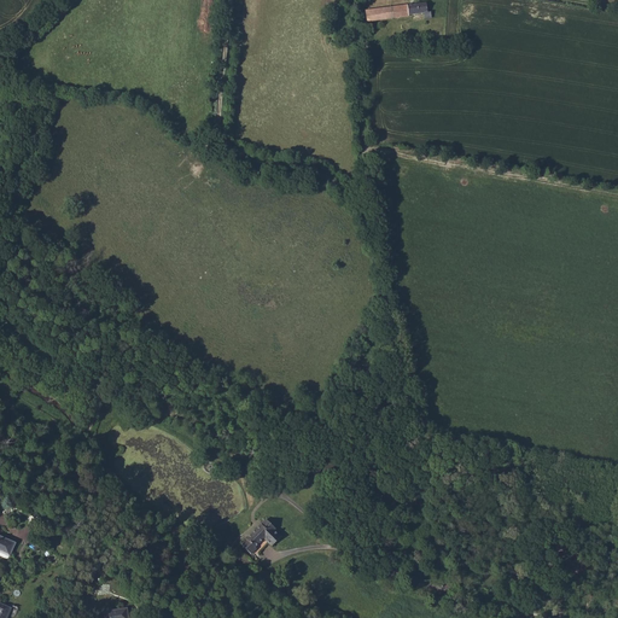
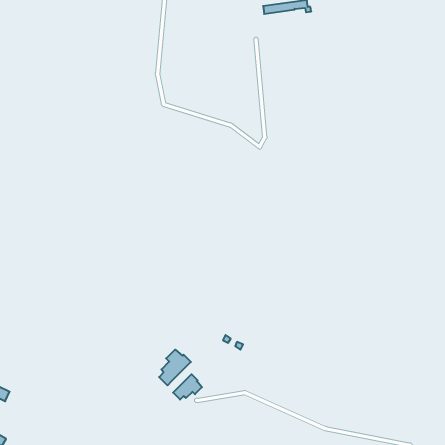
building: none -> [159,350,191,385]

